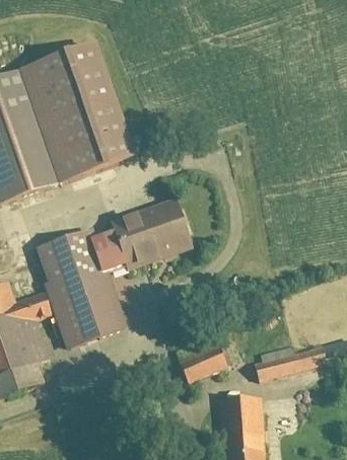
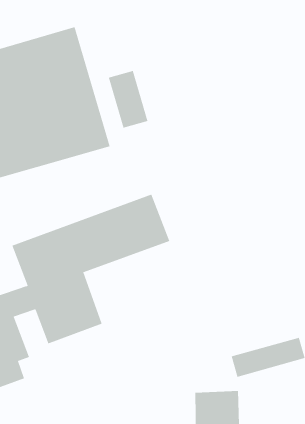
building: none -> [108,70,148,129]
building: [180,349,230,388] -> none

